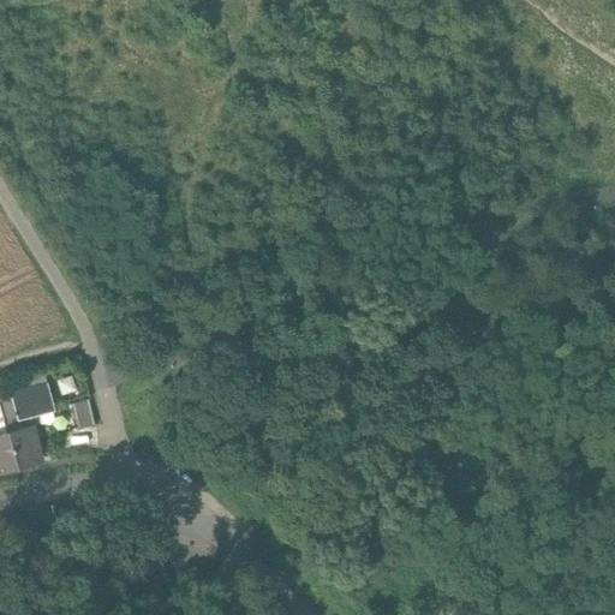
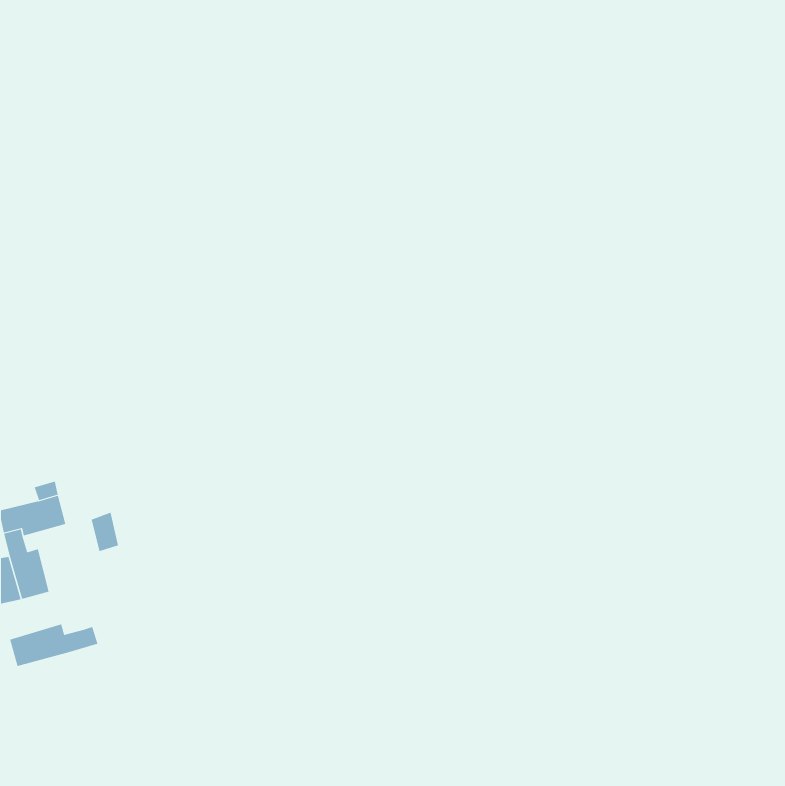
building: none -> [10,623,98,667]

